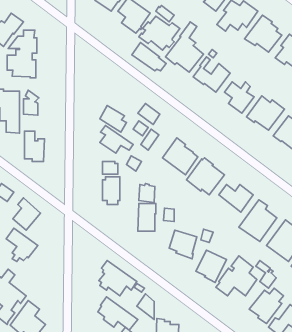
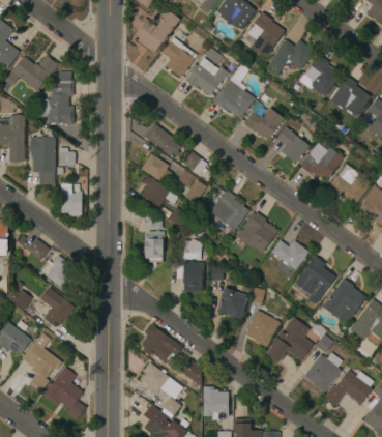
building: [132,42,166,71] -> [145,124,182,155]

